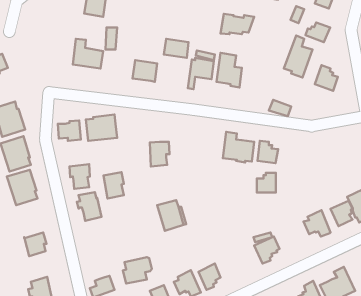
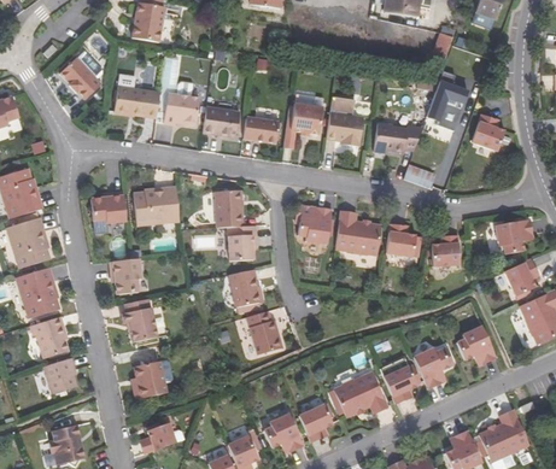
building: [220,14,254,34] -> [373,122,422,152]
building: [306,23,330,42] -> none
building: none -> [59,58,101,100]
building: [164,39,188,58] -> [242,116,279,143]
building: none -> [156,93,200,125]
building: none -> [215,189,242,228]
building: none -> [295,205,332,244]
building: none -> [496,218,532,253]
building: [103,172,124,199] -> [230,269,261,307]
building: [257,173,276,193] -> [431,236,458,265]
building: [330,201,353,226] -> [501,259,533,297]
building: none -> [29,317,66,359]
building: none -> [411,348,453,389]
building: none -> [329,373,386,417]
building: [123,257,152,284] -> [131,359,174,398]

